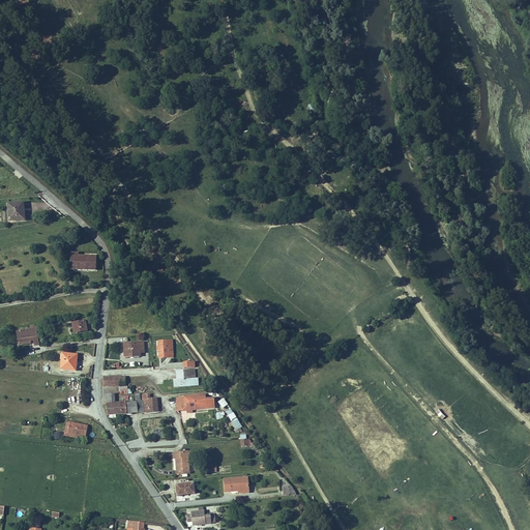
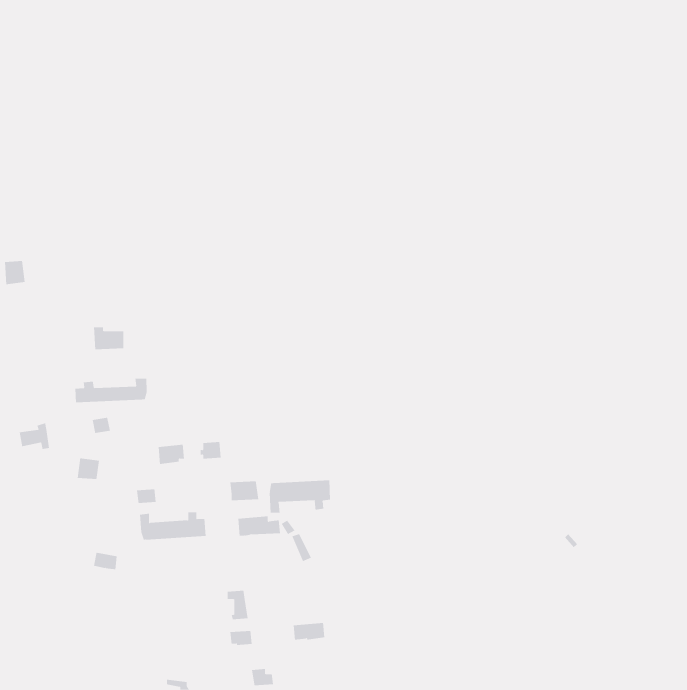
building: none -> [75,378,147,403]
building: none -> [269,480,331,513]

